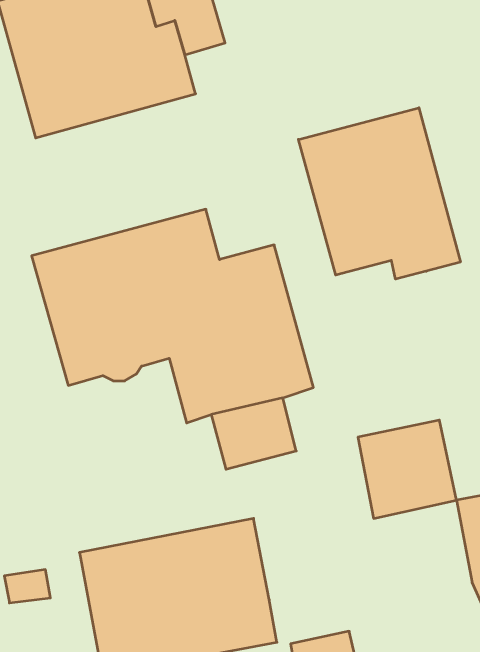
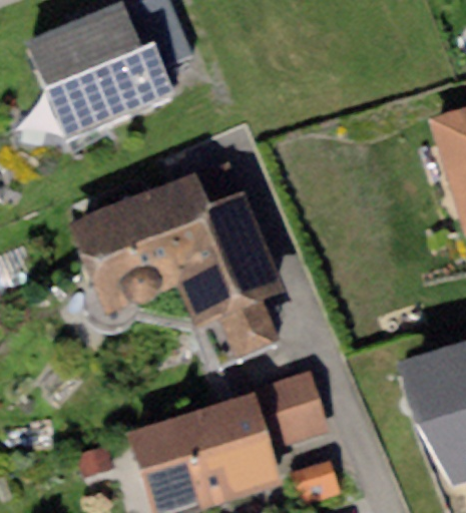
building: [298,108,460,279] -> none
building: [358,420,457,518] -> [253,373,329,449]

